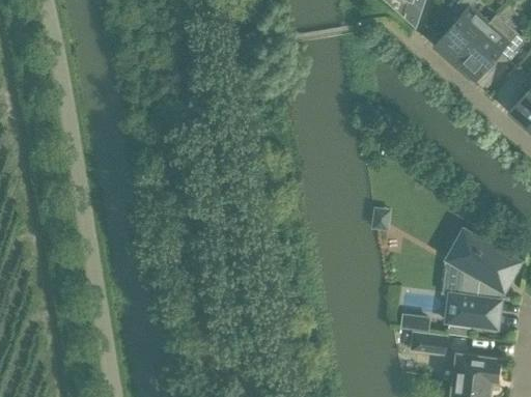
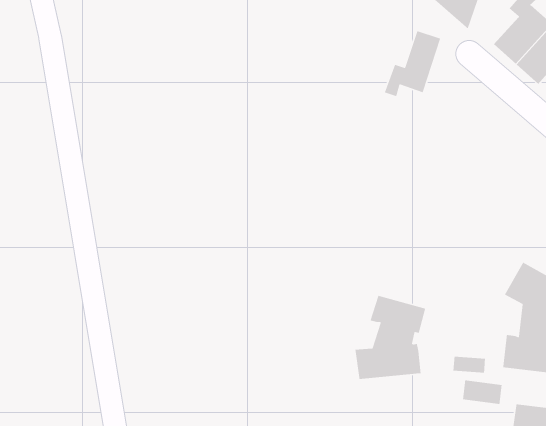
building: none -> [384,30,441,106]
building: none -> [355,295,426,380]

